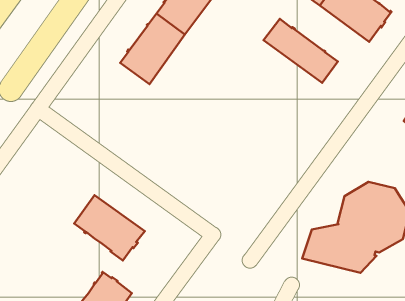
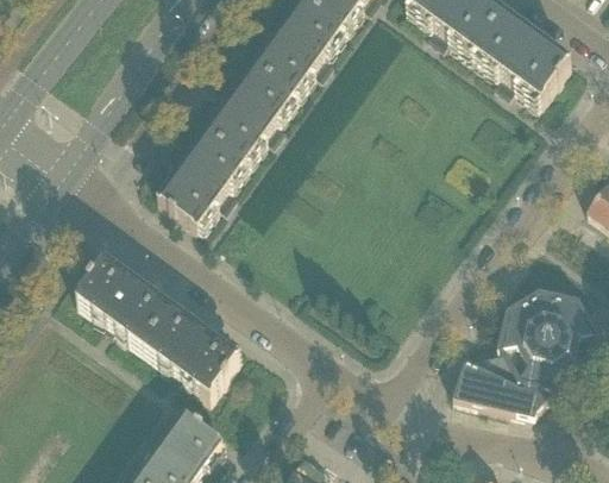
building: [263,19,338,83] -> none
building: none -> [157,127,246,222]
building: none -> [77,257,172,344]

